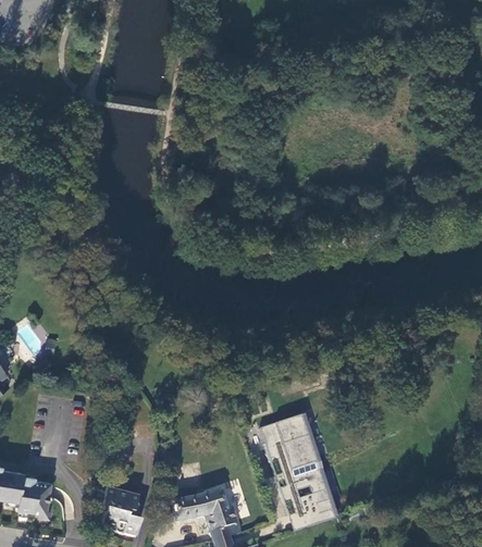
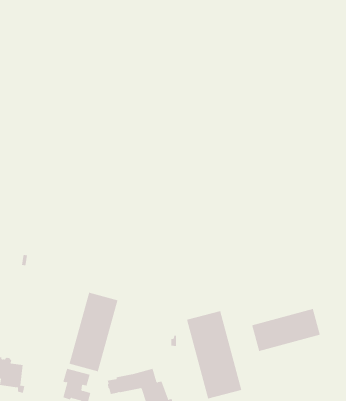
building: none -> [69,292,118,372]
building: none -> [251,308,321,352]

